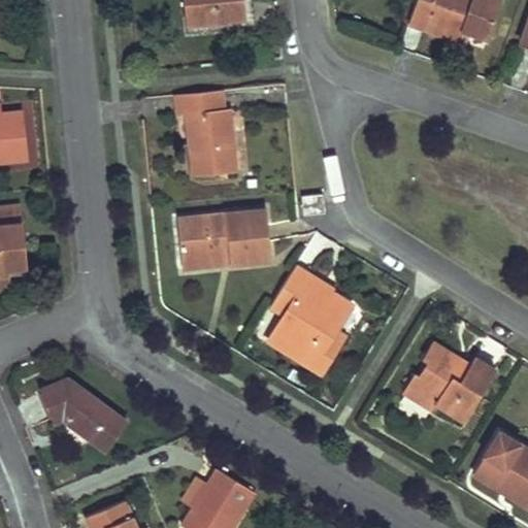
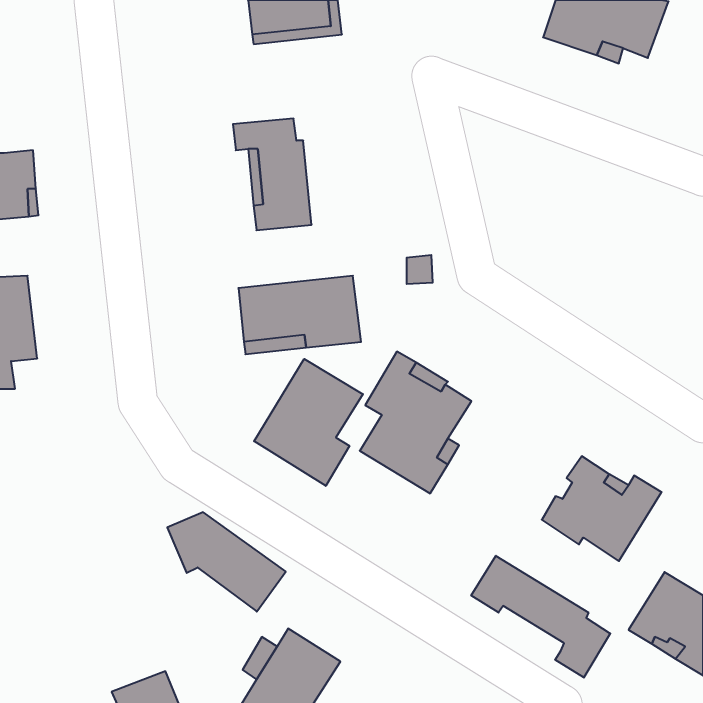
building: none -> [254,359,363,486]
building: [38,380,127,454] -> [167,512,286,612]
building: none -> [471,556,610,678]

